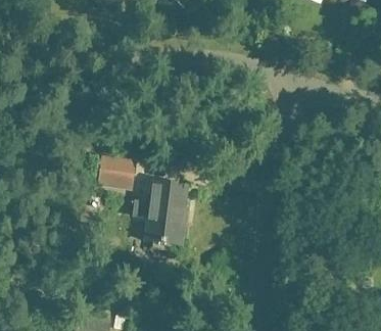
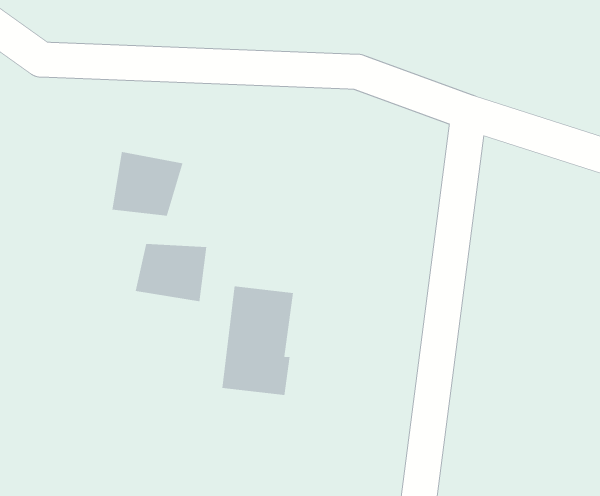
building: none -> [112,151,183,217]

